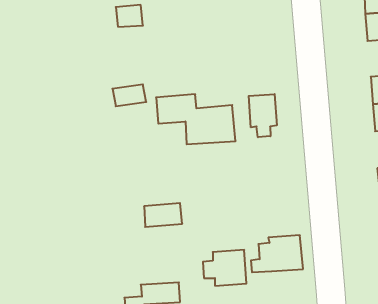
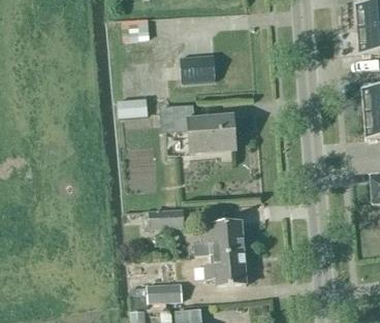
building: none -> [180,57,216,86]
building: [249,94,277,137] -> none
building: [251,235,303,272] -> [194,220,244,255]

